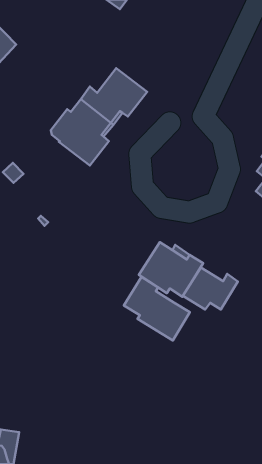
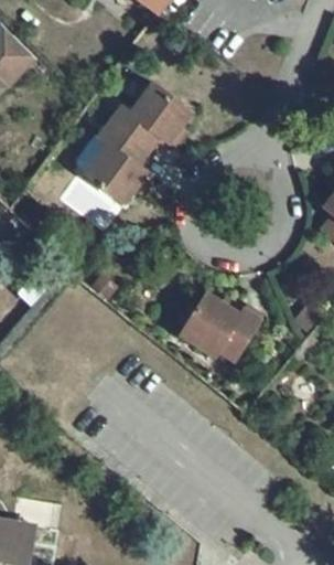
building: [183,267,238,310] -> none
building: [124,277,190,340] -> none

